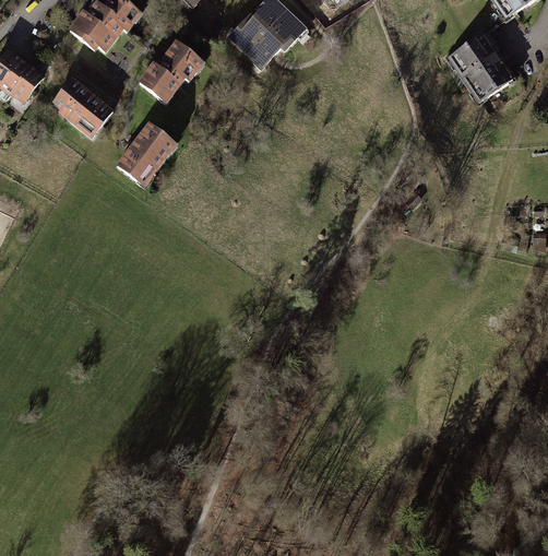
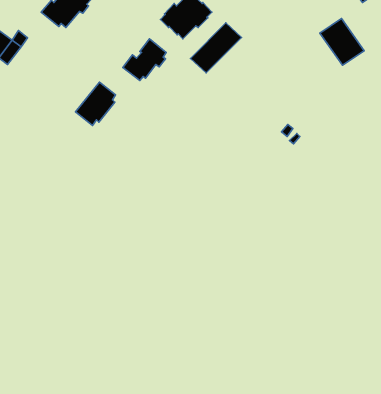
building: [140,40,199,97] -> [123,39,166,80]
building: none -> [191,23,241,73]
building: [55,79,112,132] -> none

